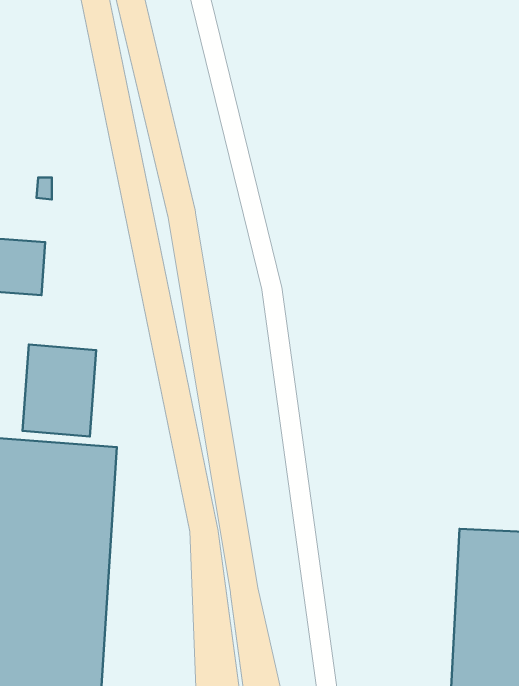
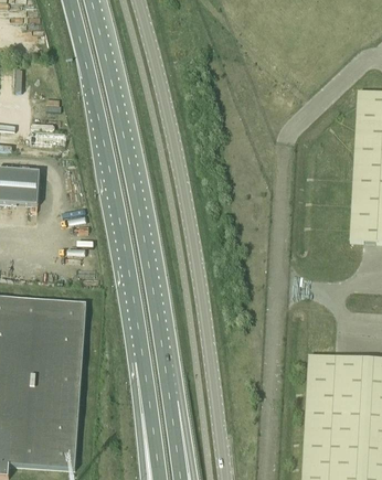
building: [22,344,96,437] -> none

